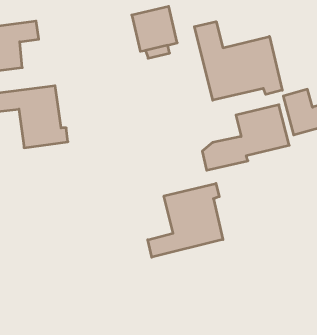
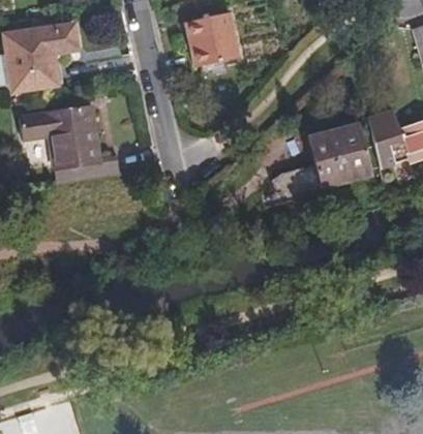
building: [194,22,282,100] -> none
building: [148,183,223,257] -> none

